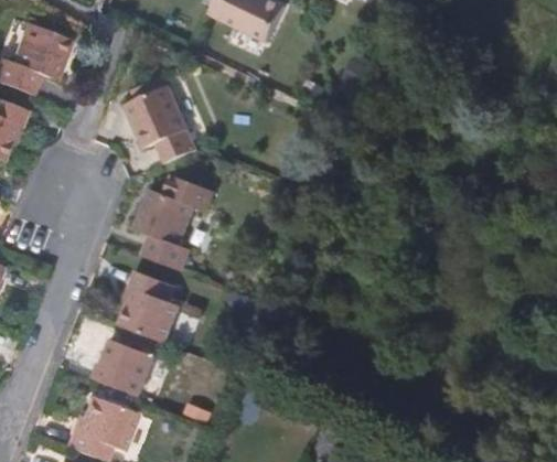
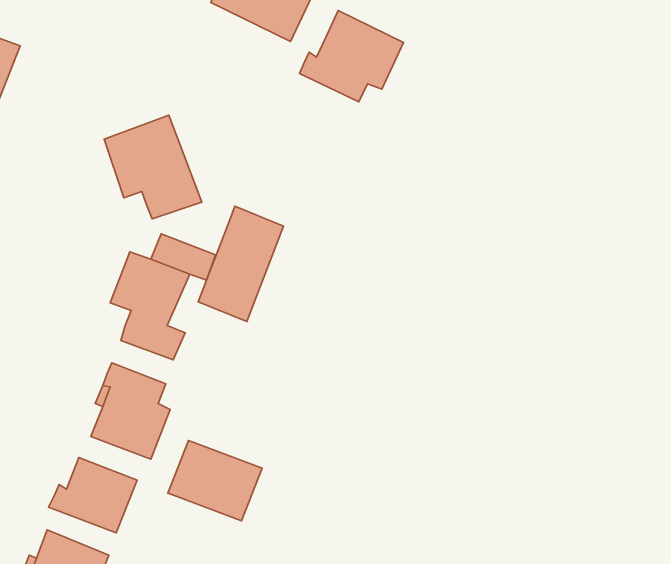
building: none -> [299,10,403,102]
building: none -> [198,206,283,322]
building: none -> [168,440,262,521]

